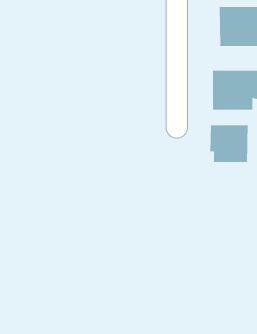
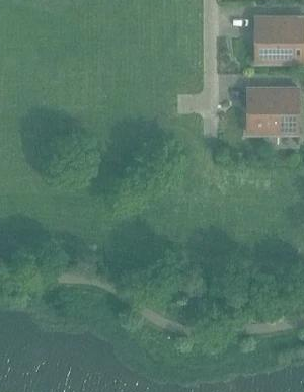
building: [210,125,248,163] -> none

